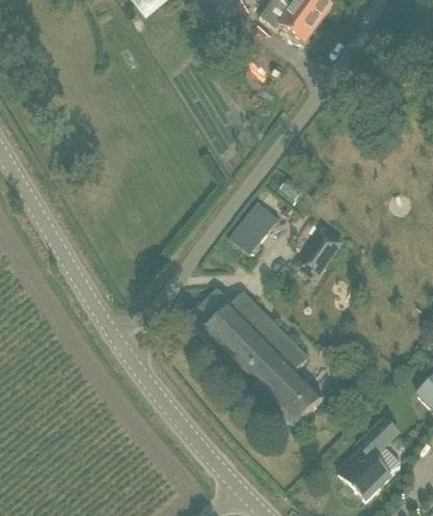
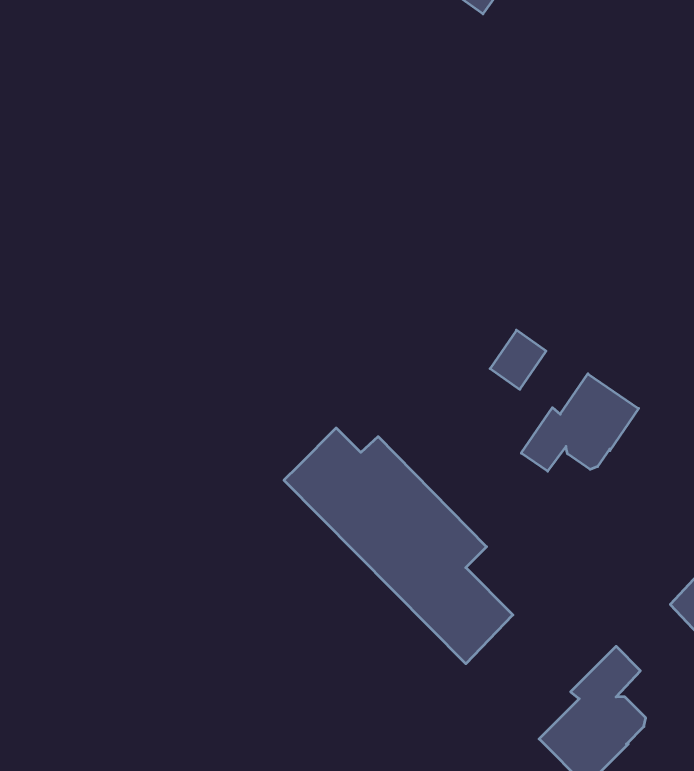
building: [229,198,279,252] -> none
building: none -> [521,374,639,471]

